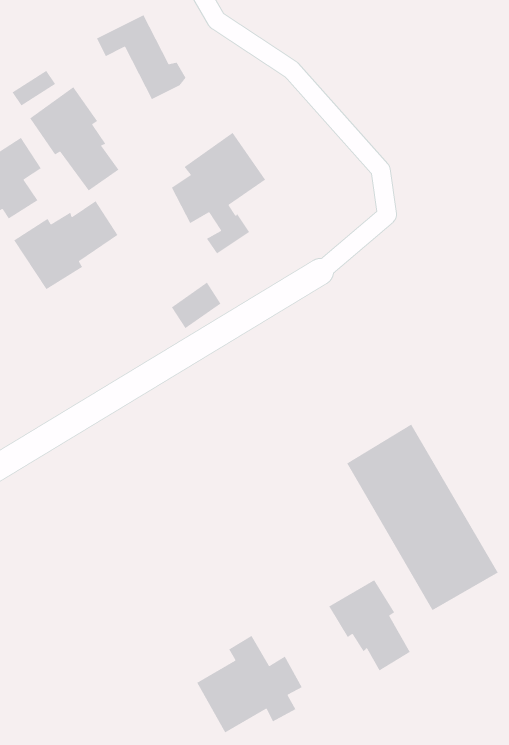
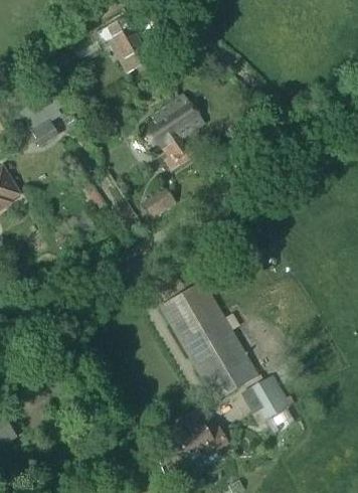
building: [29,86,119,191] -> none
building: [13,200,118,290] -> none
building: [346,423,499,611] -> [161,280,257,398]

